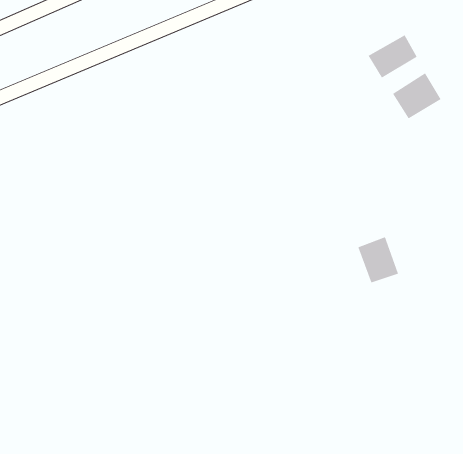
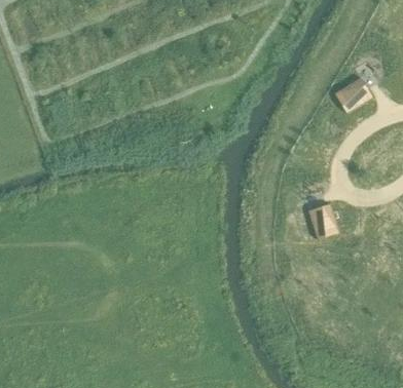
building: [368,35,417,79] -> none

